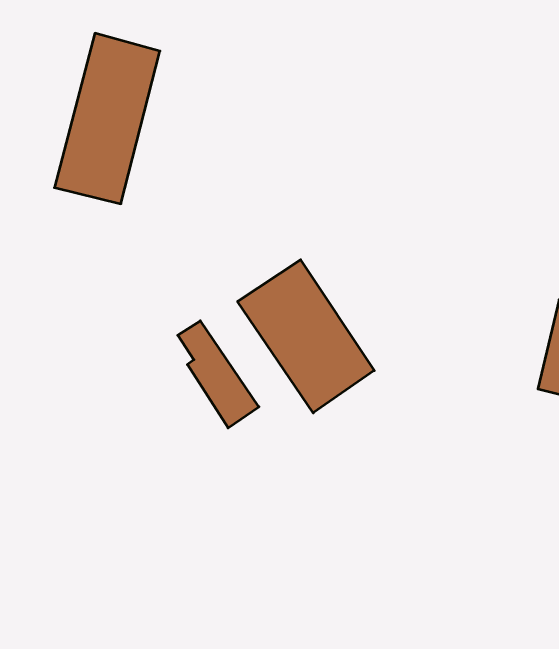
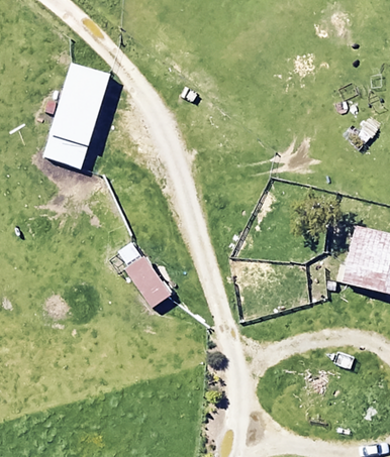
building: [238,260,374,413] -> none

